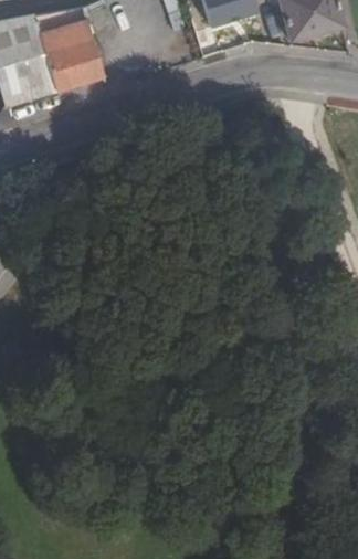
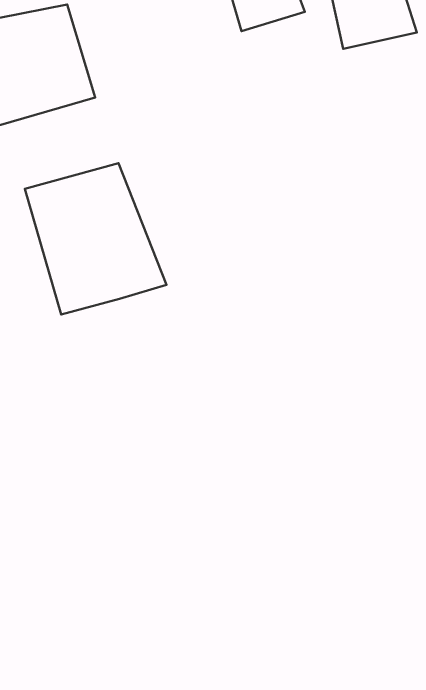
building: none -> [25,163,166,315]

